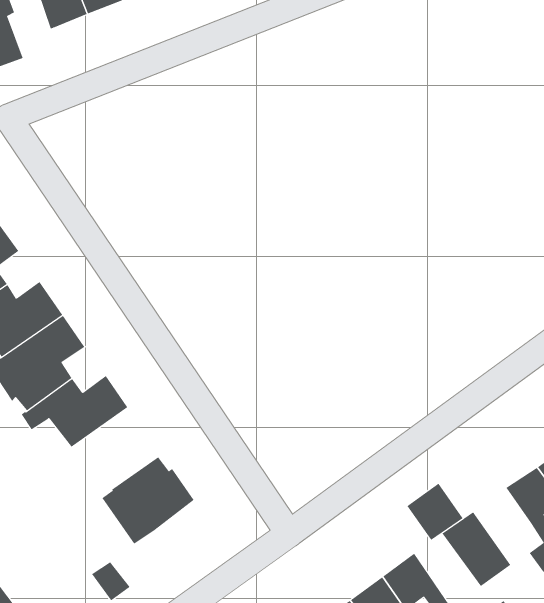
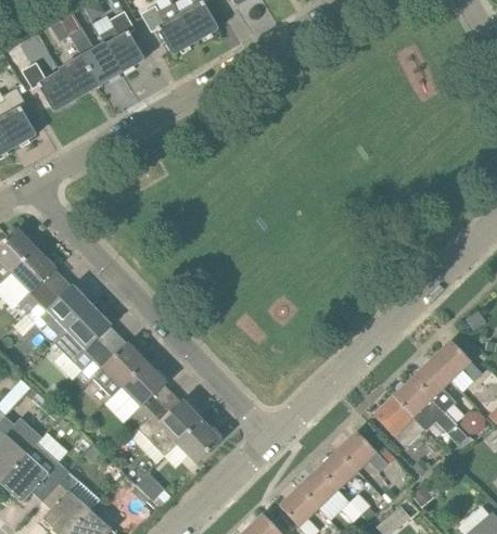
building: none -> [105,360,171,419]
building: [407,483,463,560] -> [393,376,433,428]
building: none -> [177,417,220,461]

